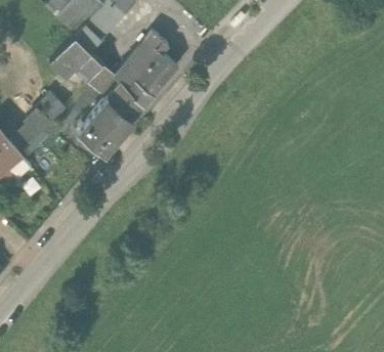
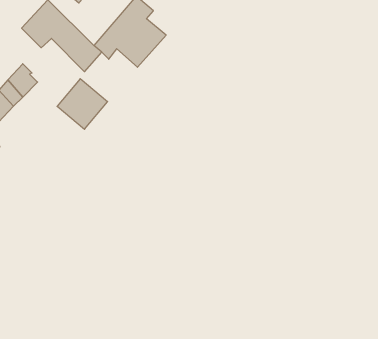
building: [101,80,153,127] -> none

